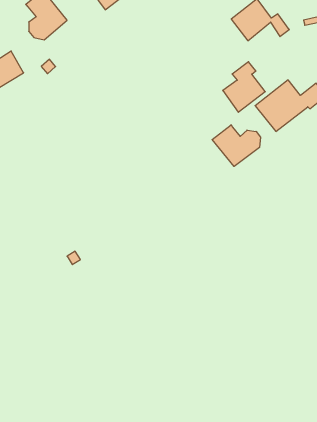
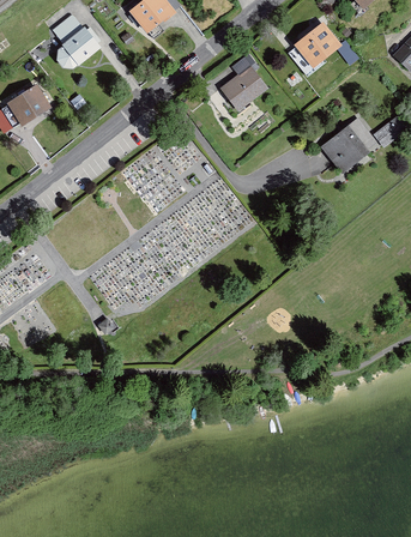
building: [223,62,265,112] -> [220,53,270,111]
building: [212,125,261,166] -> none

